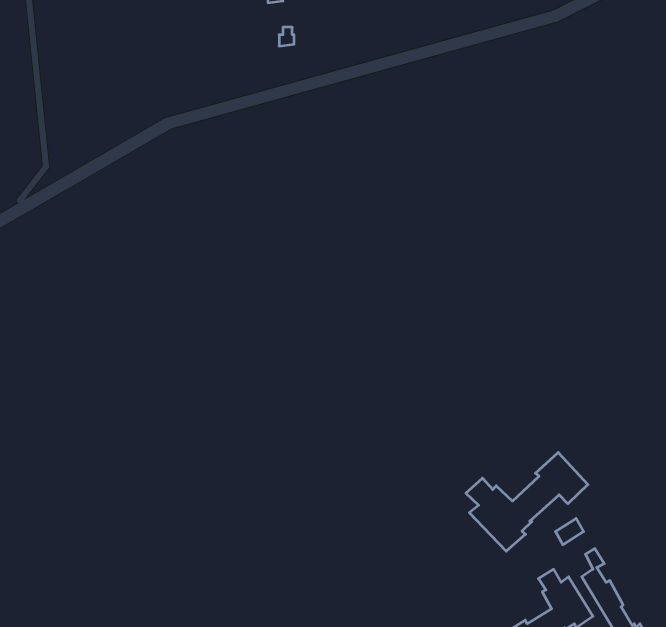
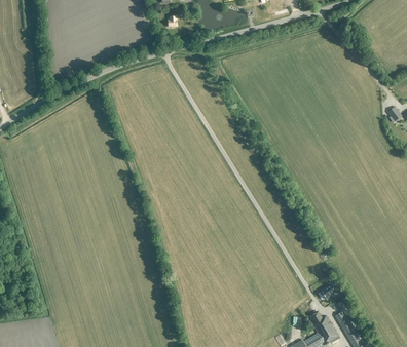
building: [466,452,588,551] -> none

